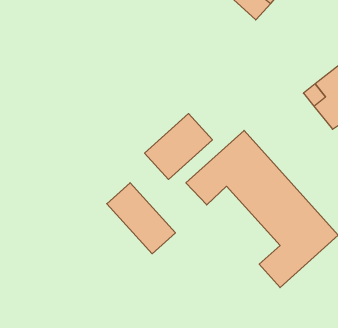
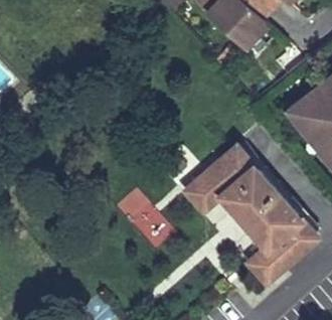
building: [145,114,212,179] -> none

